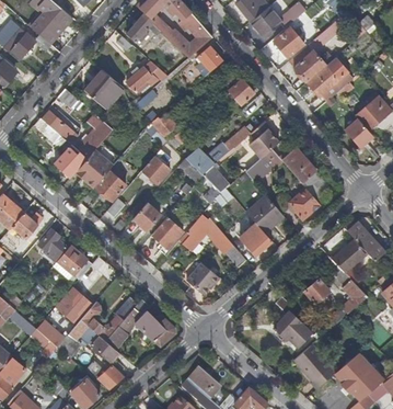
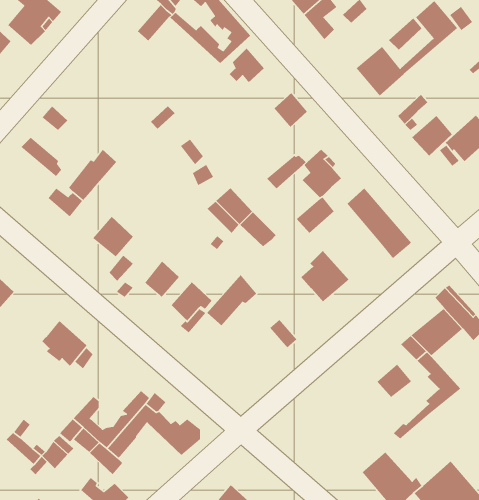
building: [274,29,303,57] -> none
building: [127,60,169,90] -> none
building: [307,65,337,95] -> [411,115,453,156]
building: [86,72,122,106] -> none
building: [142,148,170,183] -> none
building: [78,149,114,186] -> none
building: [288,189,320,219] -> none
building: [246,223,273,255] -> none
building: [39,229,66,263] -> none
building: [187,263,219,294] -> none
building: [62,286,90,321] -> none
building: [268,295,310,350] -> none

